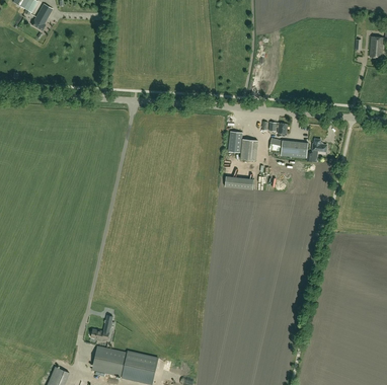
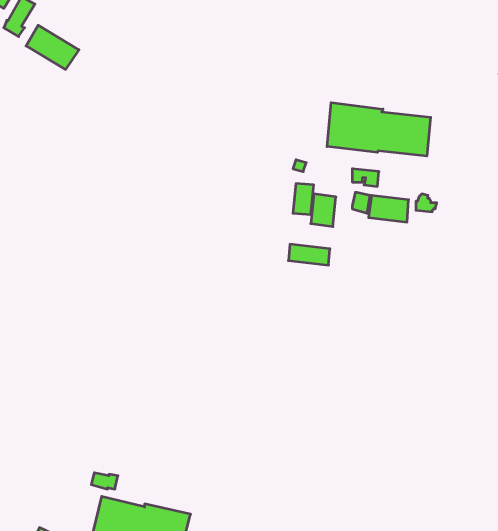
building: none -> [26,25,79,69]
building: none -> [327,103,431,156]

